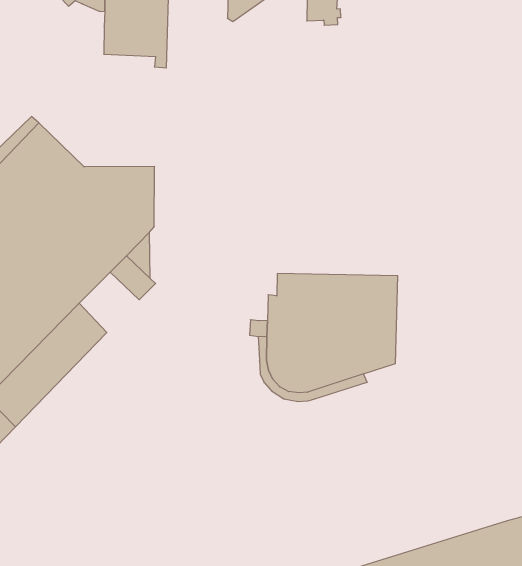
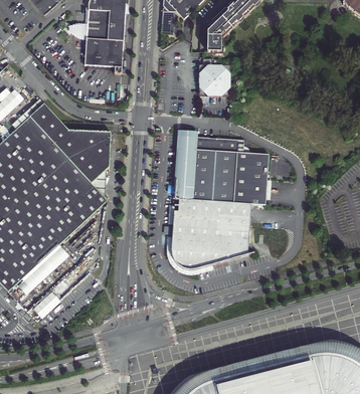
building: none -> [199,63,230,94]
building: none -> [175,130,268,205]
building: none -> [63,192,99,227]

